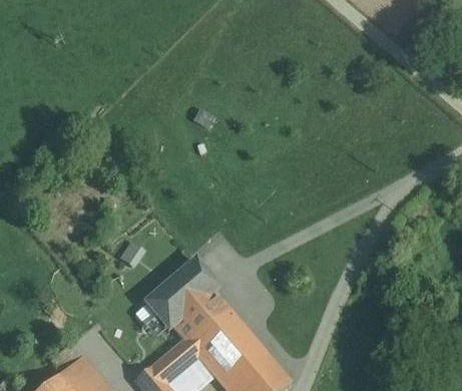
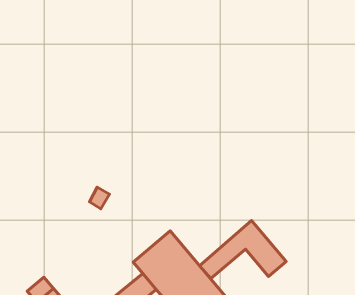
building: [145,261,219,332] -> none
building: none -> [200,221,286,278]

